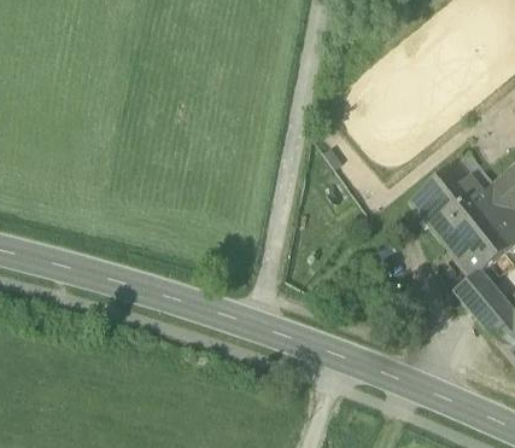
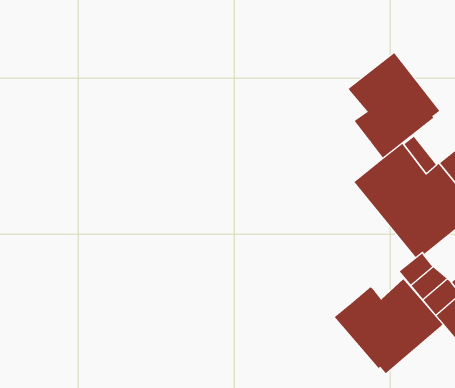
building: none -> [348,52,440,158]
building: none -> [334,278,444,374]

